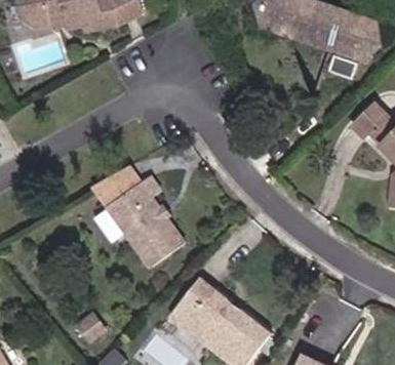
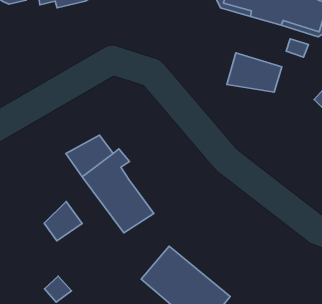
building: none -> [227,53,282,92]
building: none -> [44,202,82,241]

